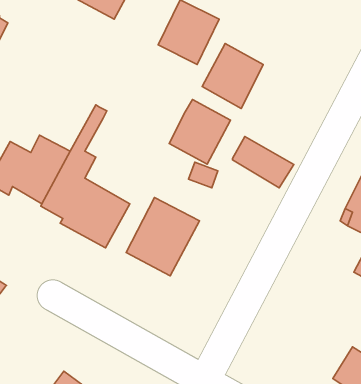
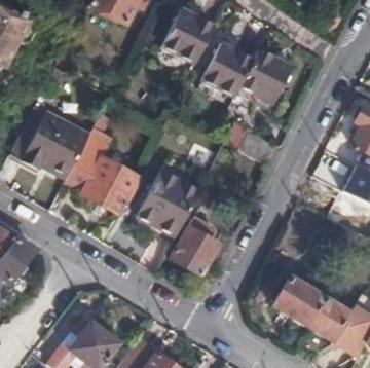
building: [169,100,230,164] -> [238,51,290,106]
building: none -> [171,218,218,275]
building: none -> [275,278,327,326]

